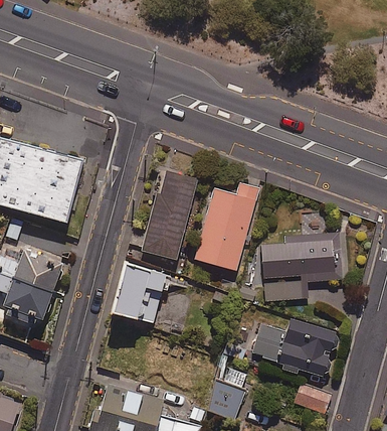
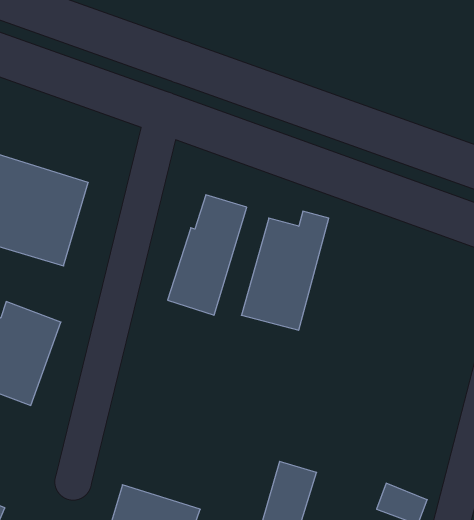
building: [260,234,341,301] -> none
building: [110,262,171,322] -> none
building: [252,319,335,377] -> none

